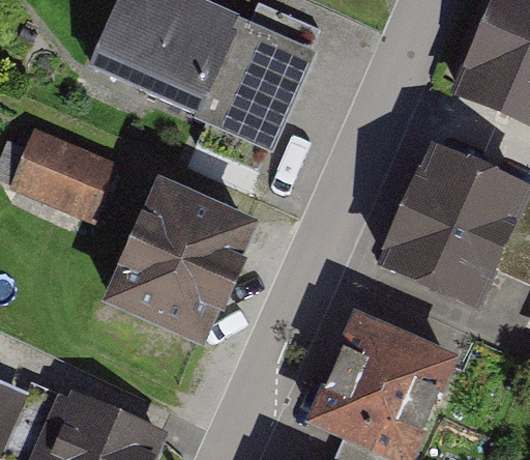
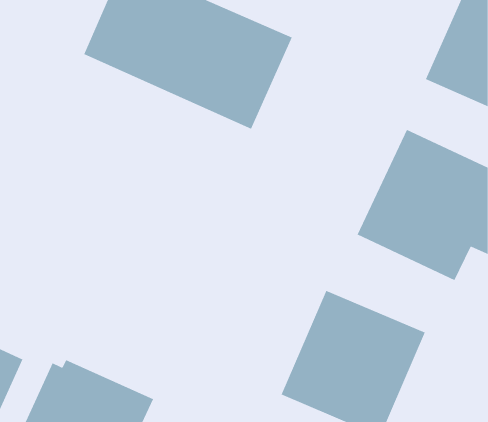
building: [7,124,118,220] -> none
building: [99,181,258,351] -> none

